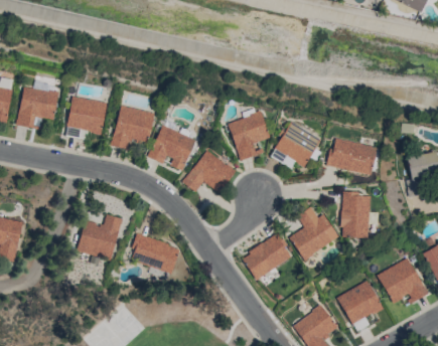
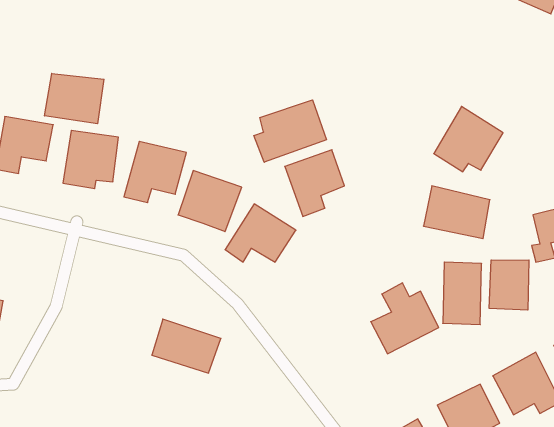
building: none -> [45,73,104,124]
building: none -> [254,100,327,162]
building: [270,121,320,168] -> [434,106,503,172]
building: none -> [489,260,529,310]
building: [78,214,122,260] -> none
building: [241,233,293,280] -> none

